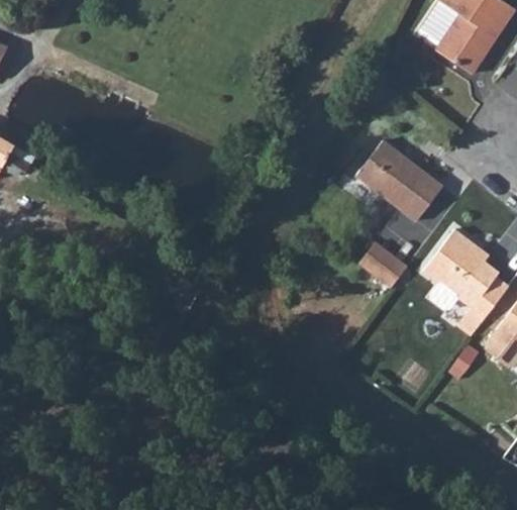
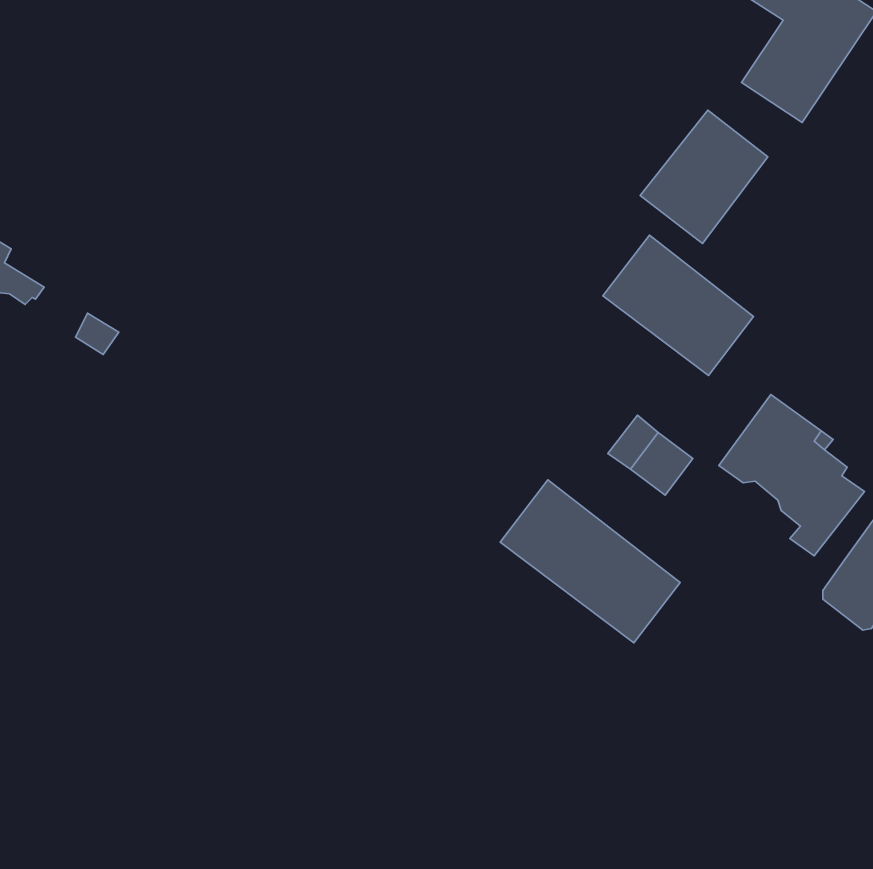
building: none -> [640,110,768,243]
building: none -> [500,480,680,643]

